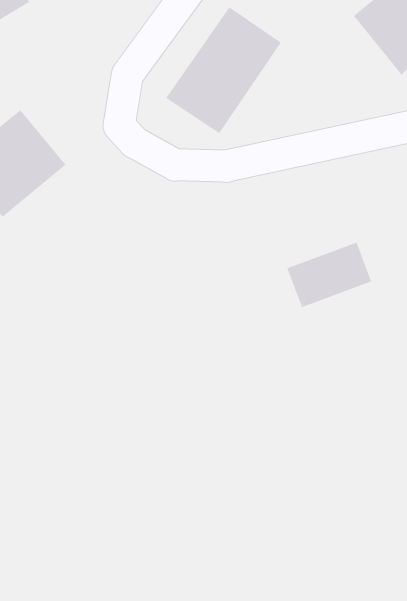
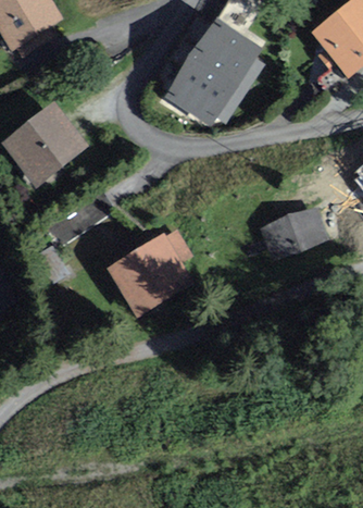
building: none -> [111,233,199,310]

